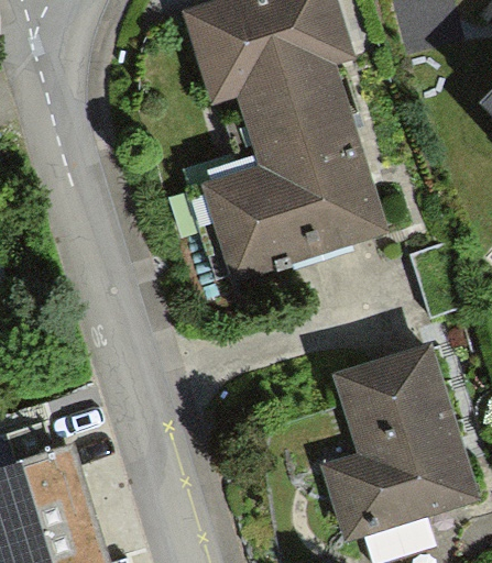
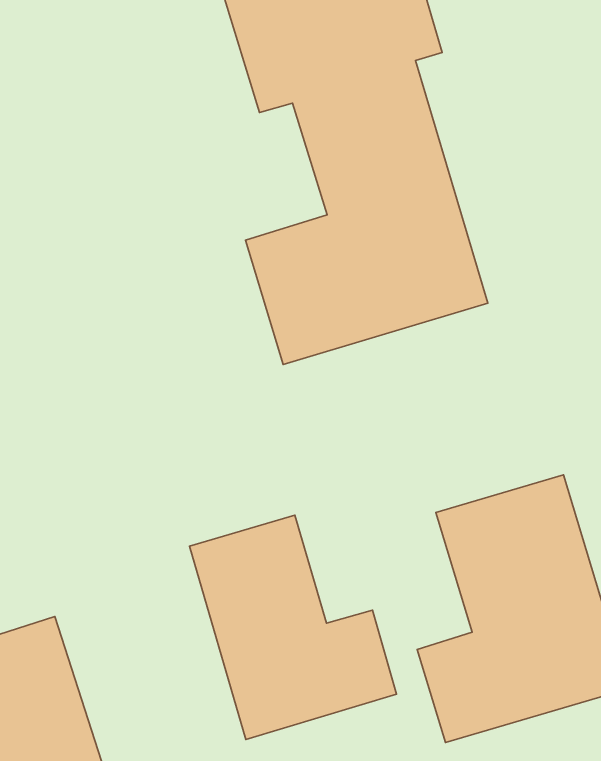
building: none -> [189,515,397,739]

